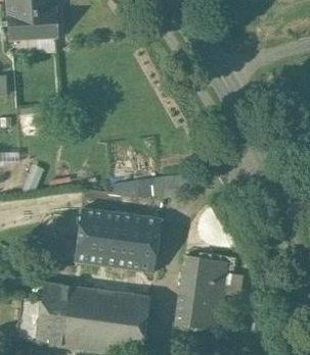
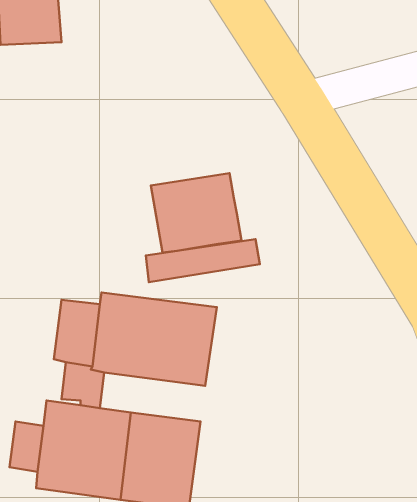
building: none -> [151,173,241,253]
building: [174,255,229,331] -> none

